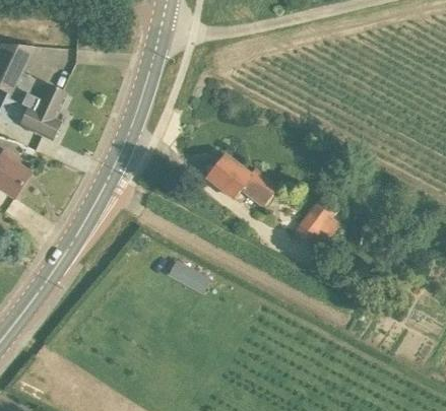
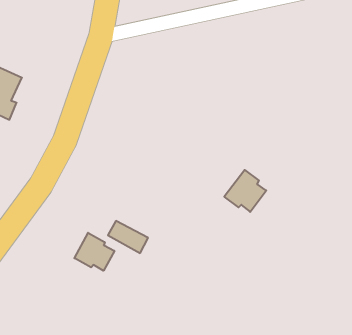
building: [206,154,277,205] -> none
building: none -> [74,233,114,271]

